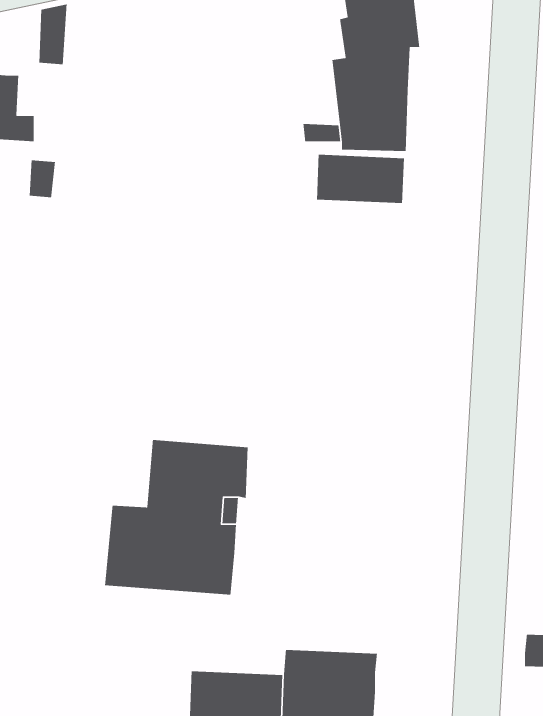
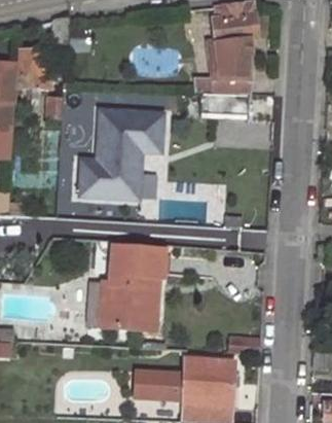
building: none -> [79,109,165,205]

